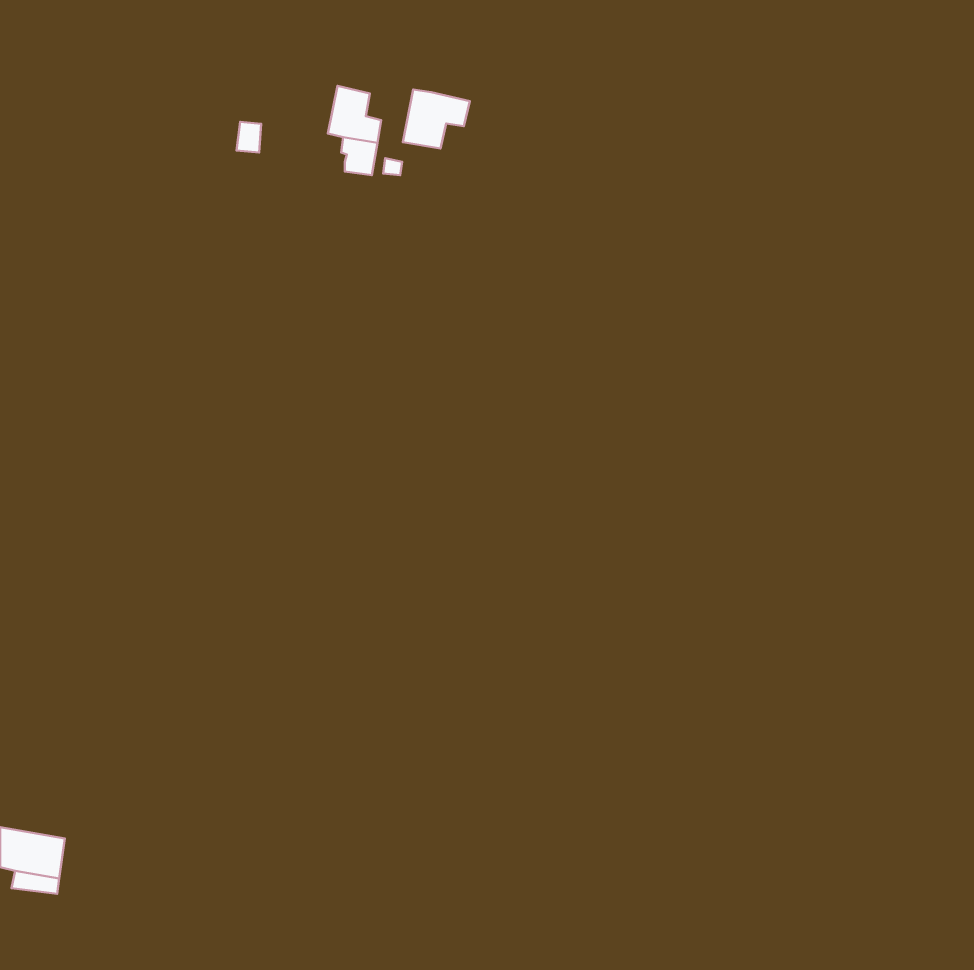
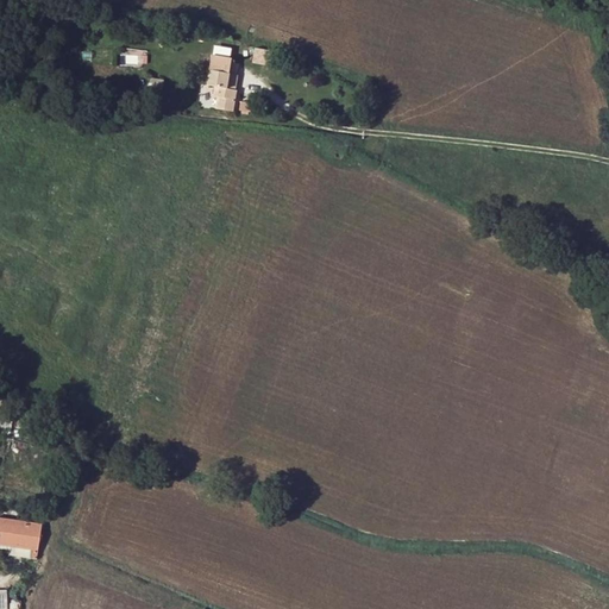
building: [403,90,470,148] -> none

